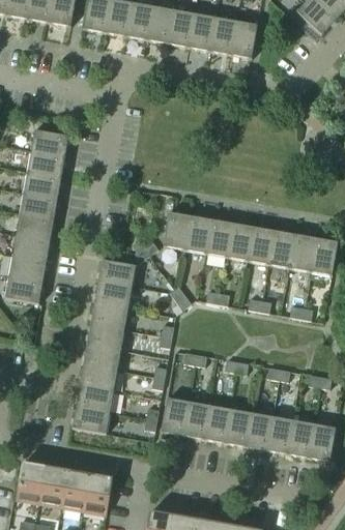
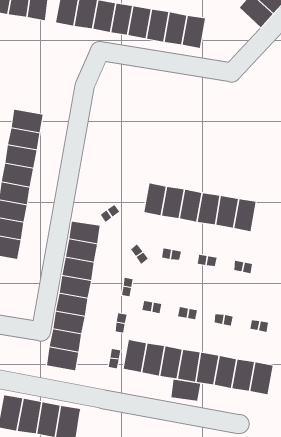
building: [163,210,191,248] -> none
building: [310,236,338,274] -> none
building: none -> [171,379,201,402]

